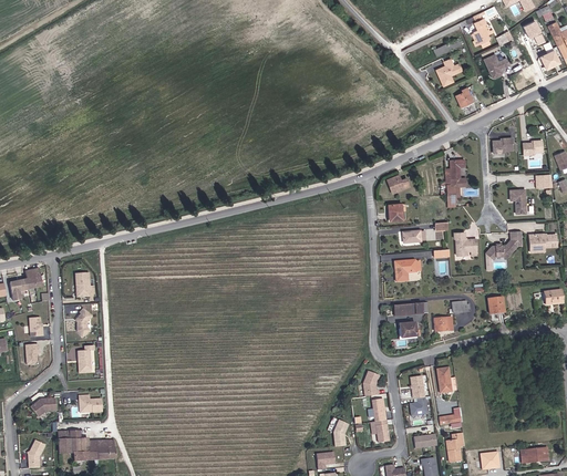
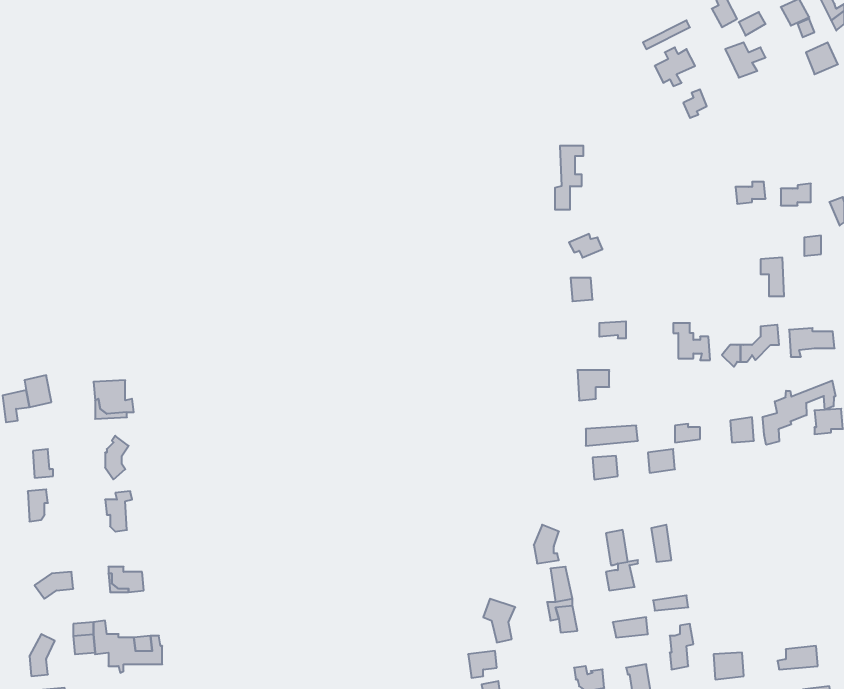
building: [447,161,466,203] -> [555,146,583,210]
building: none -> [763,381,835,445]

